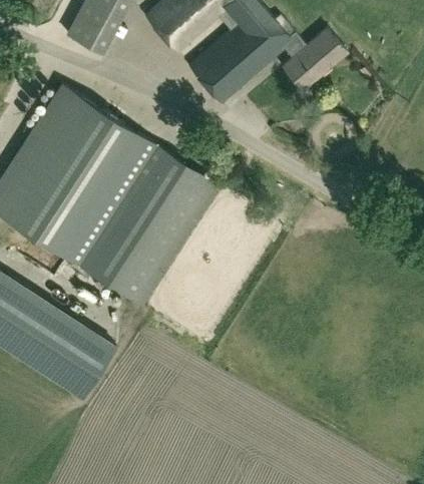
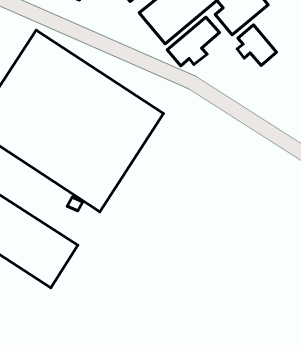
building: none -> [167,17,219,66]
building: none -> [237,25,276,66]

